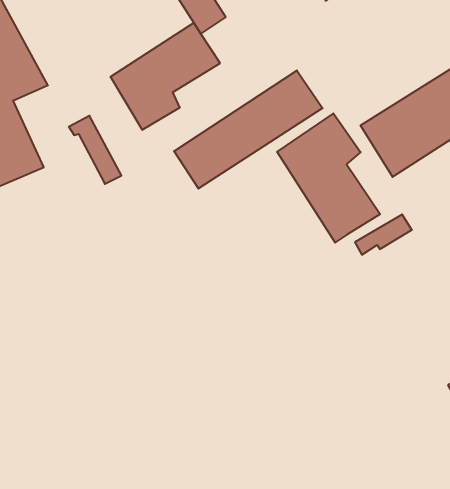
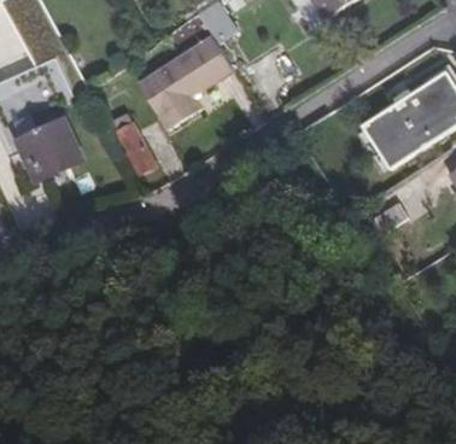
building: [174,70,323,189] -> none
building: [277,113,380,243] -> none

